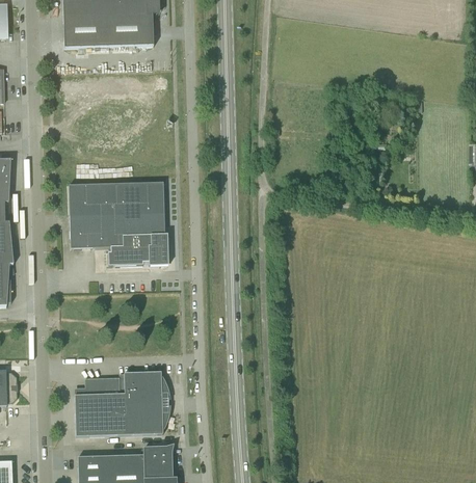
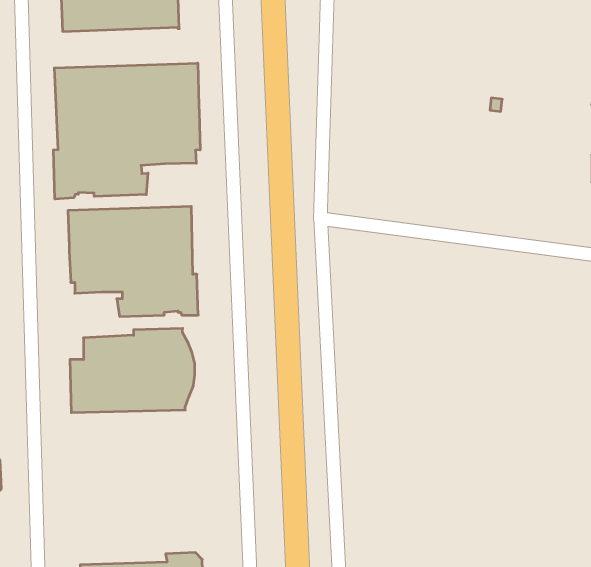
building: none -> [53,63,200,199]
building: [74,371,169,435] -> [70,328,195,413]

